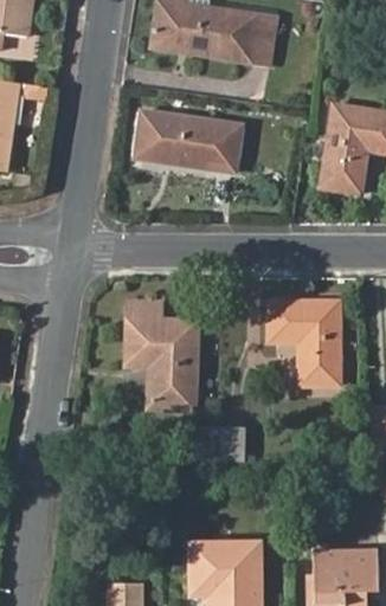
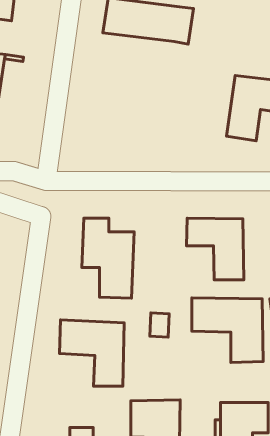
building: [139,110,242,173] -> none
building: none -> [192,298,263,363]
building: none -> [59,320,124,386]

